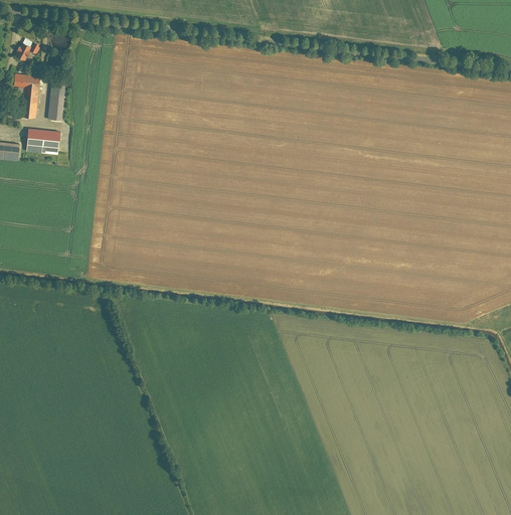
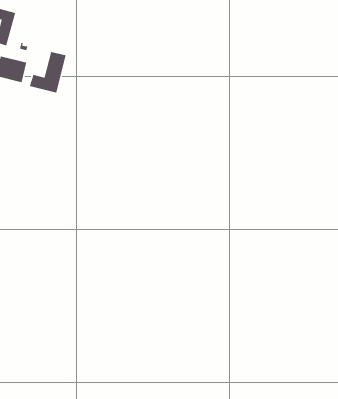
building: none -> [29,51,66,94]

